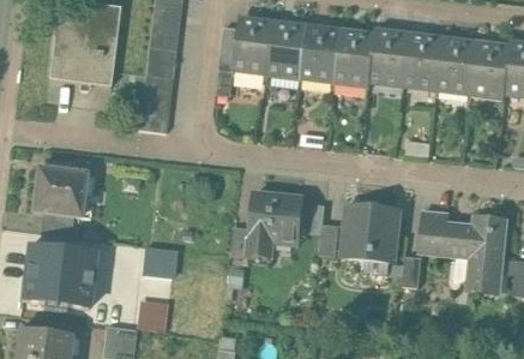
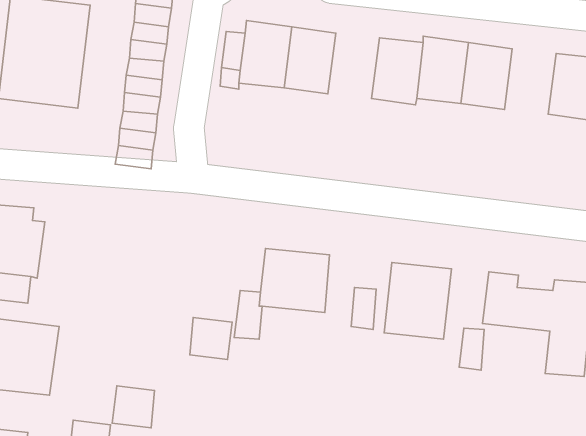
building: [302,28,342,78] -> none
building: [438,40,477,90] -> none
building: [143,245,175,277] -> [190,317,232,360]

